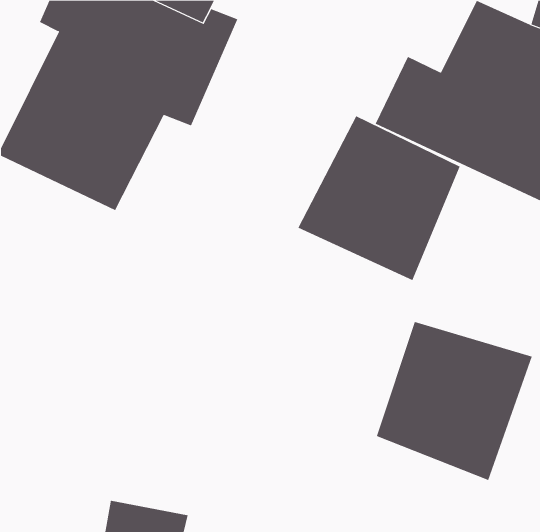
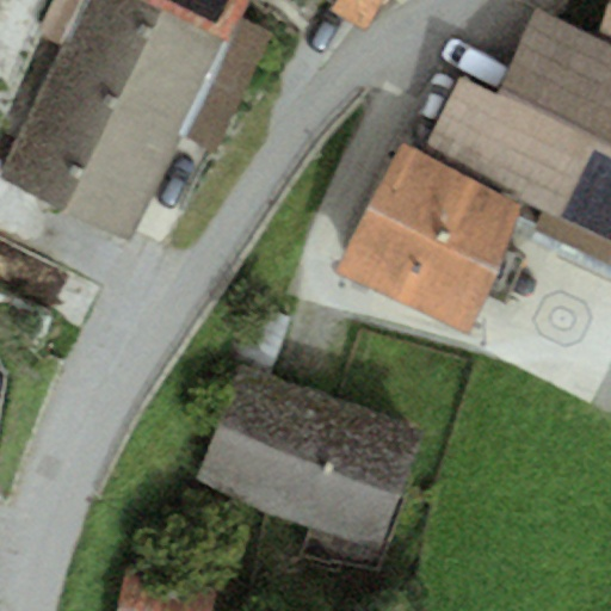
building: none -> [195,314,421,548]
building: [376,321,533,481] -> none

